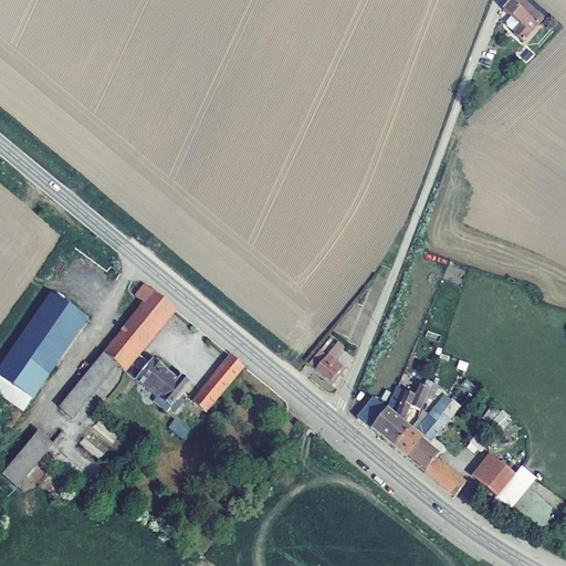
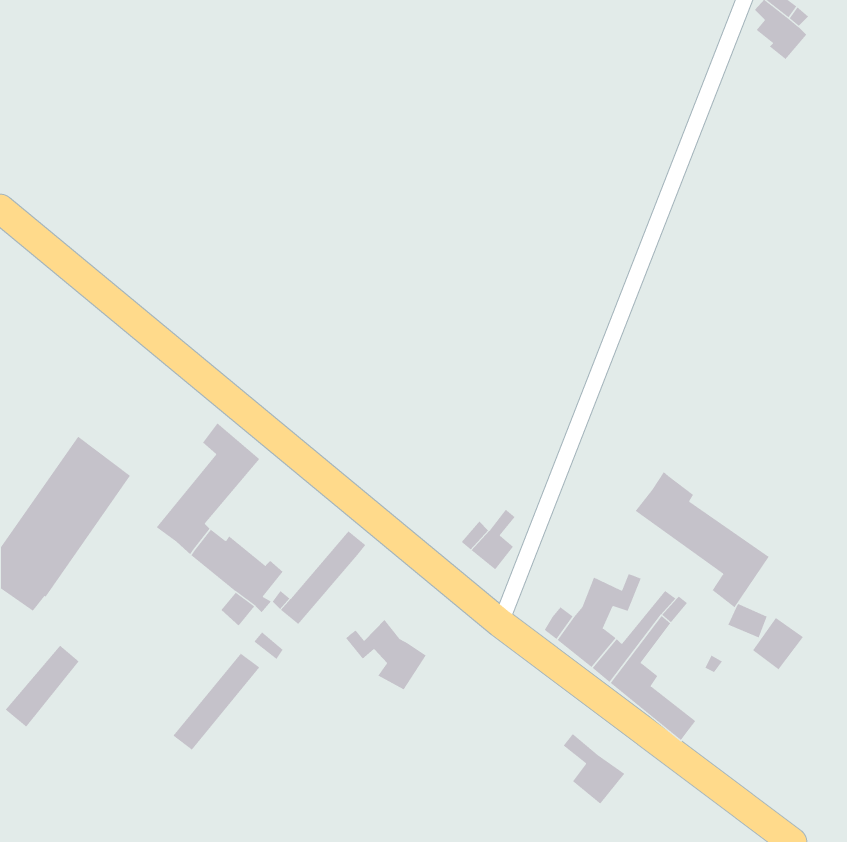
building: none -> [635,471,770,608]
building: [59,352,117,417] -> [172,653,260,751]
building: none -> [346,619,427,690]
building: [480,460,514,495] -> [752,617,804,670]
building: none -> [563,733,625,805]

